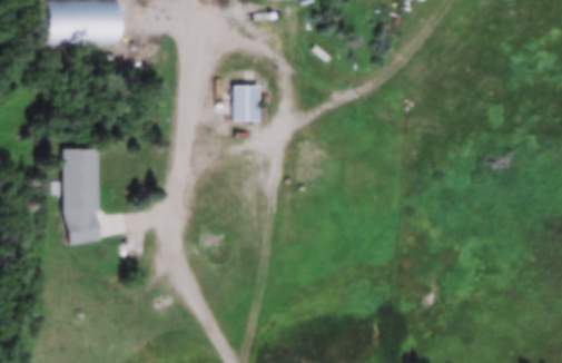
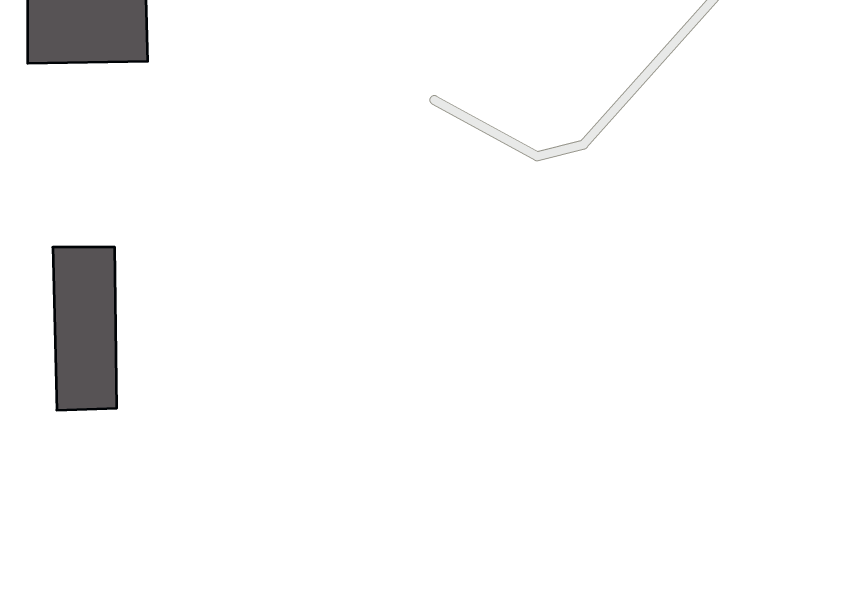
building: [230,86,258,121] -> none

